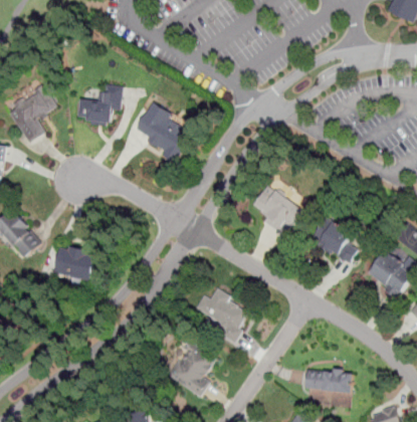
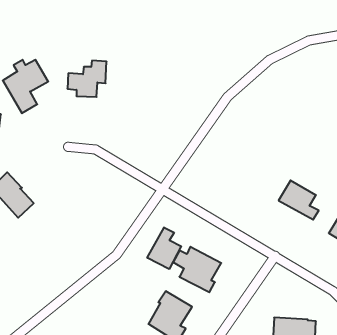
building: [136,100,190,163] -> none
building: [252,184,300,235] -> none
building: [53,240,95,281] -> none
building: none -> [147,227,181,269]

